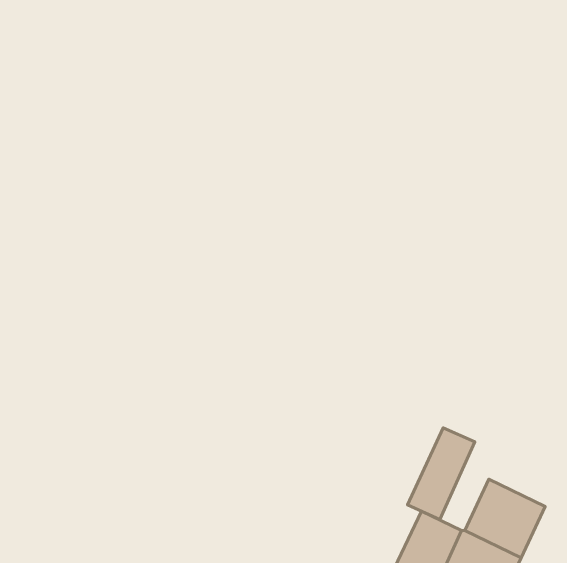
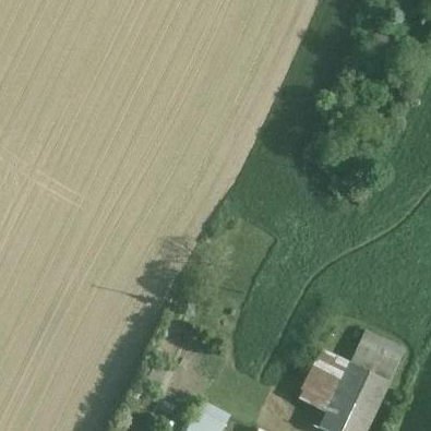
building: [407,428,475,520] -> none

